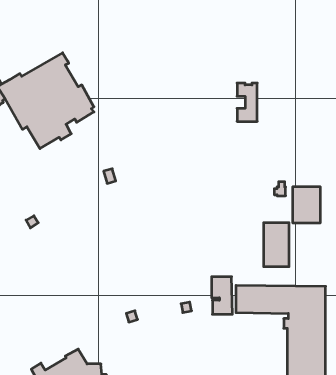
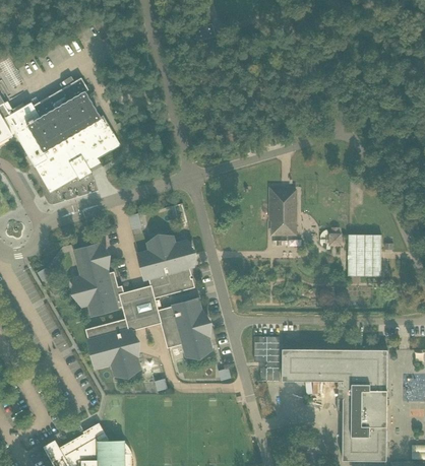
building: [237,83,257,121] -> [271,189,295,234]
building: none -> [74,239,209,372]
building: [264,223,289,267] -> none

